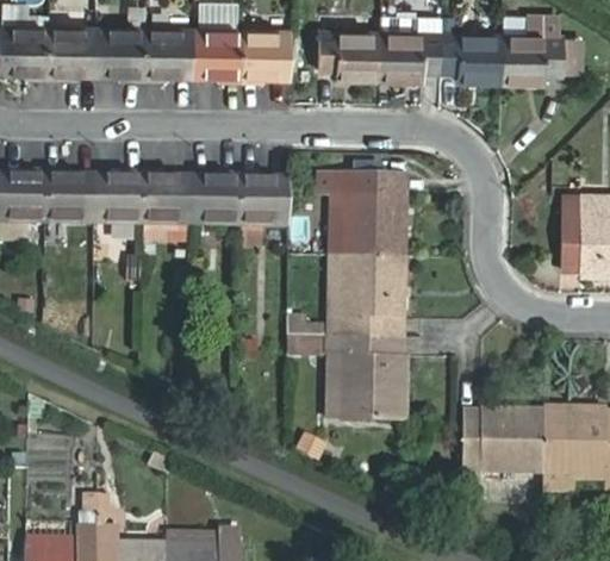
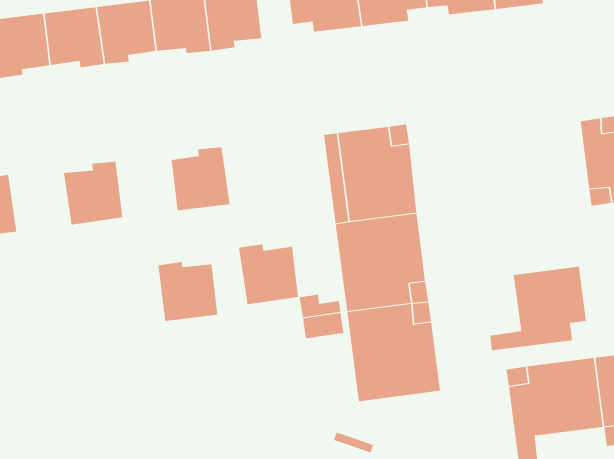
building: [45,168,94,222] -> none
building: [142,170,192,223] -> [158,262,218,322]
building: [239,172,288,224] -> [238,244,299,305]
building: none -> [490,266,587,351]

